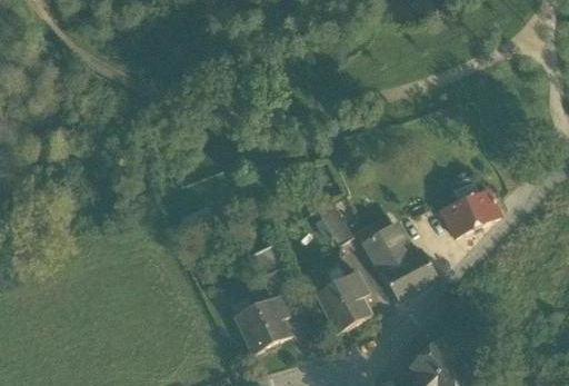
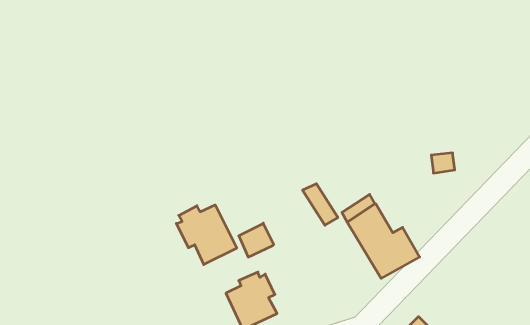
building: [443,190,499,236] -> none
building: none -> [176,205,237,265]
building: [310,268,372,336] -> none

